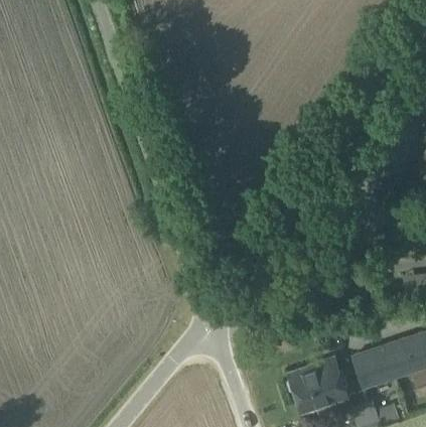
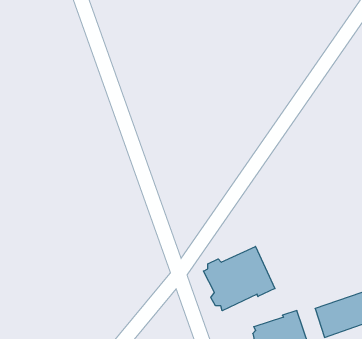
building: none -> [203,246,275,311]

